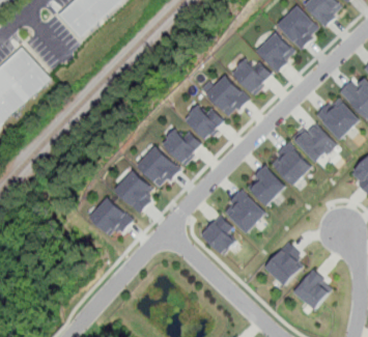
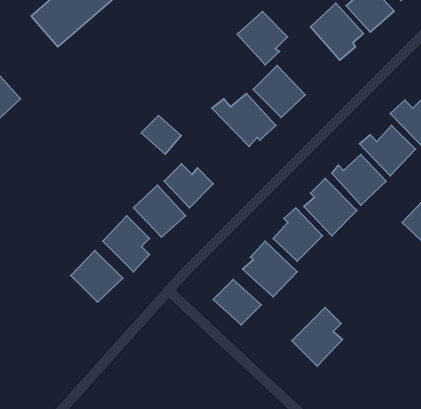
building: [254,32,293,74] -> [237,12,288,65]
building: [188,108,219,138] -> [141,116,181,154]
building: [293,271,333,310] -> none

